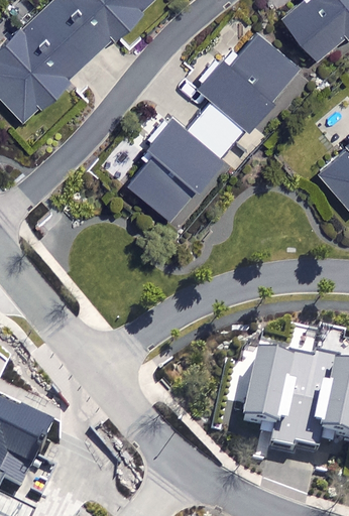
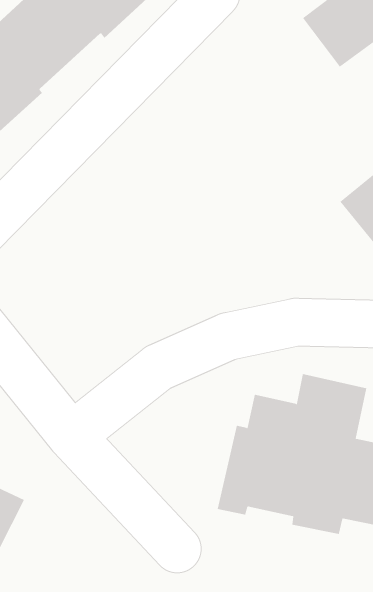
building: [128,31,301,218] -> none

